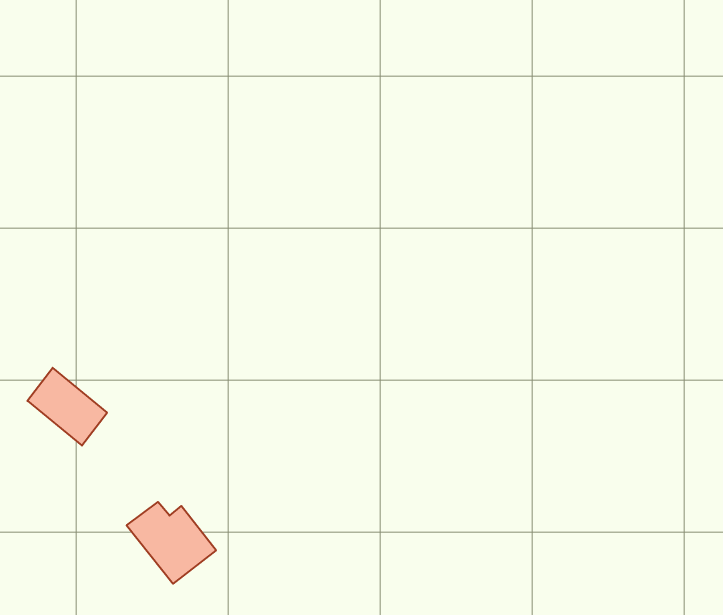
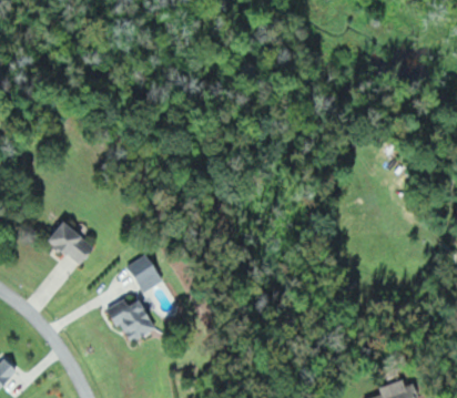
building: none -> [126,254,160,292]

